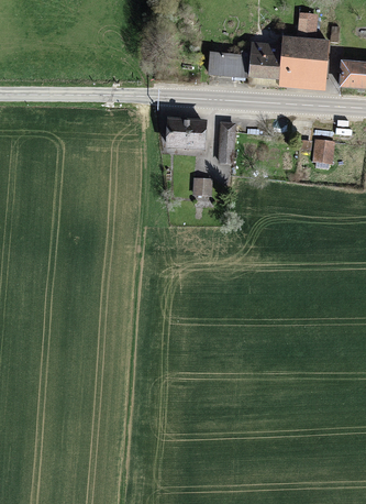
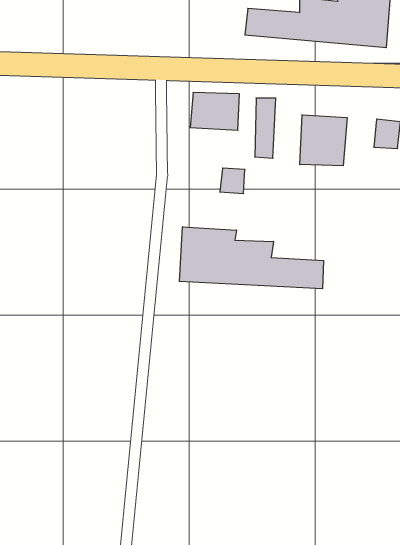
building: none -> [300,115,347,166]
building: none -> [179,227,324,289]

